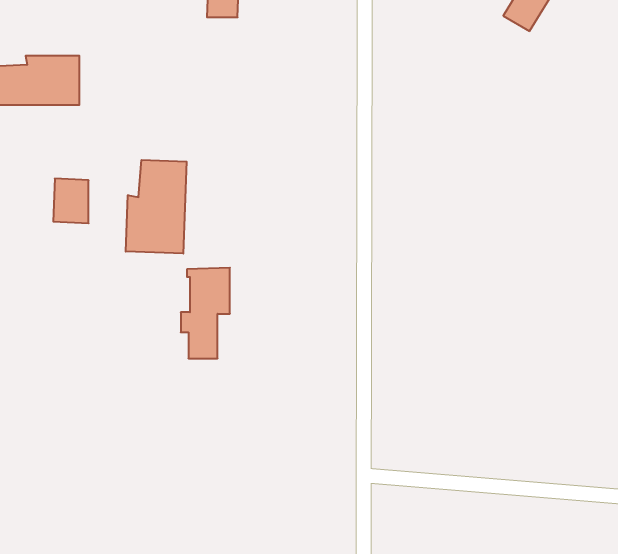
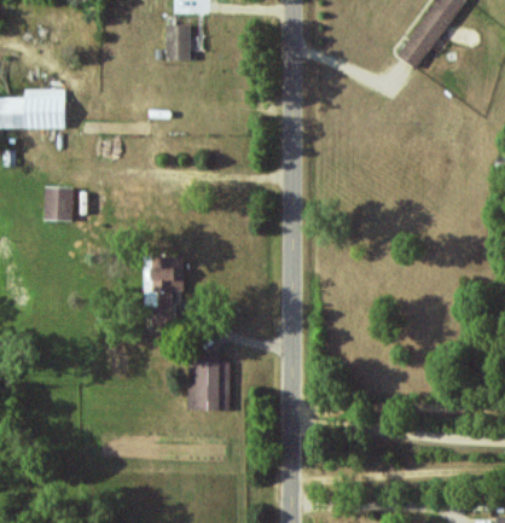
building: [126,160,187,254] -> none
building: none -> [187,361,231,409]

